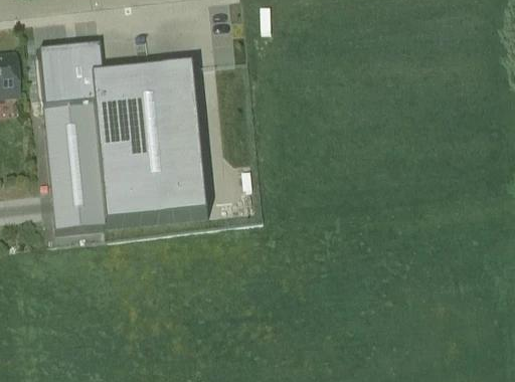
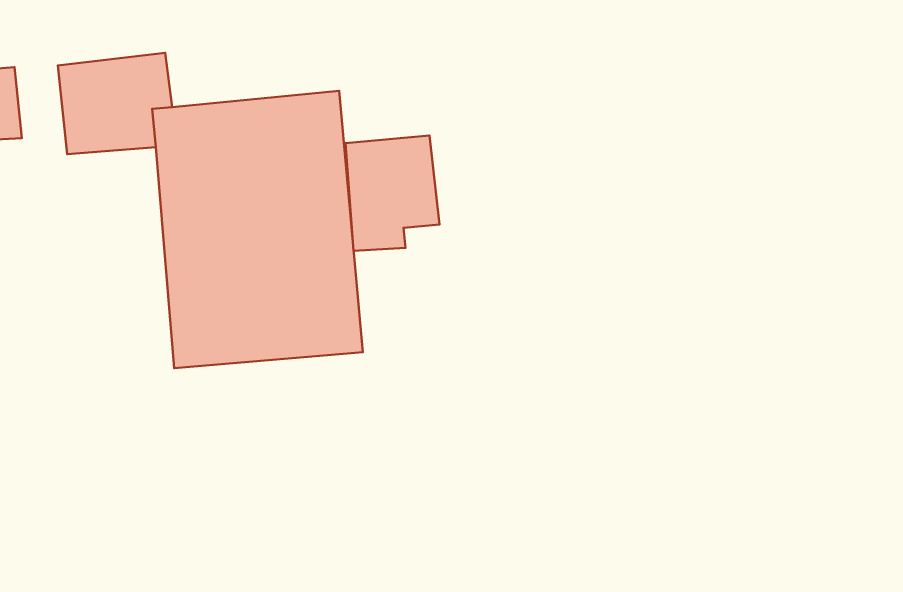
building: none -> [346,136,439,251]
building: [43,101,103,227] -> none

